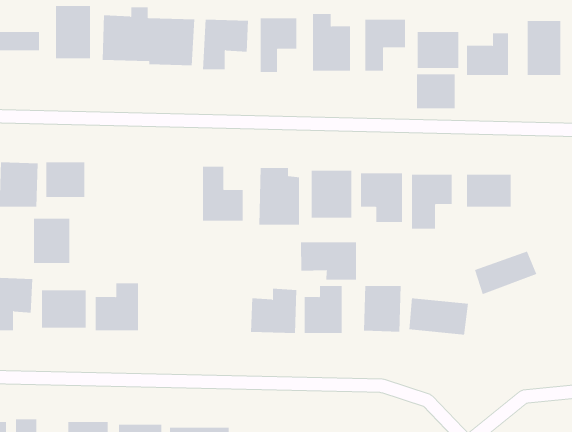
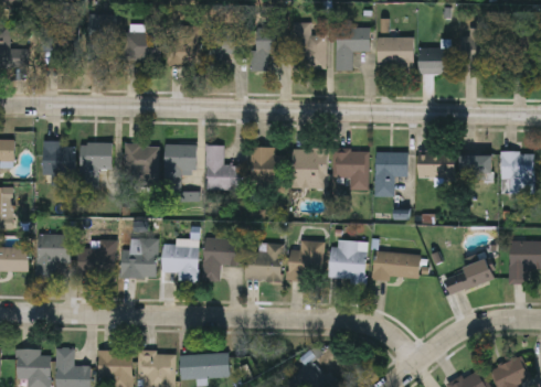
building: [416,73,455,109] -> none
building: none -> [165,144,197,183]
building: none -> [460,154,491,181]
building: [33,218,70,263] -> [128,147,158,183]
building: [300,242,357,281] -> none
building: [474,251,537,295] -> [444,260,495,295]
building: none -> [203,238,241,281]
building: none -> [161,240,198,282]

